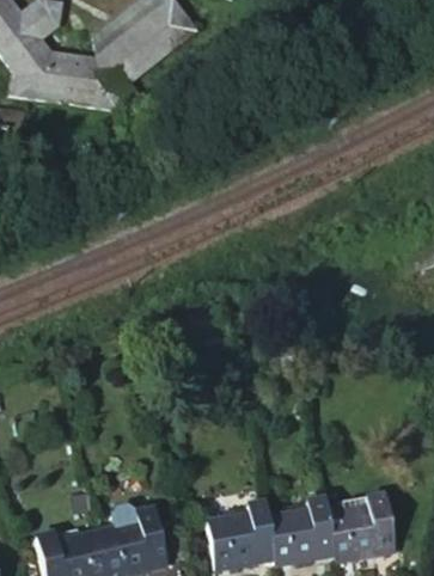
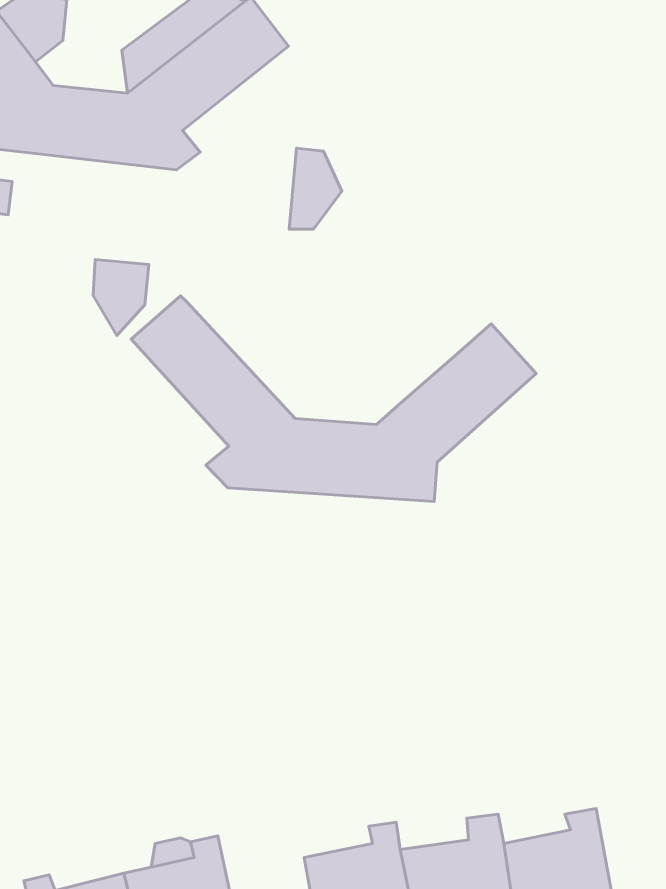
building: none -> [289,148,342,229]
building: none -> [93,260,149,335]
building: none -> [131,296,536,501]

